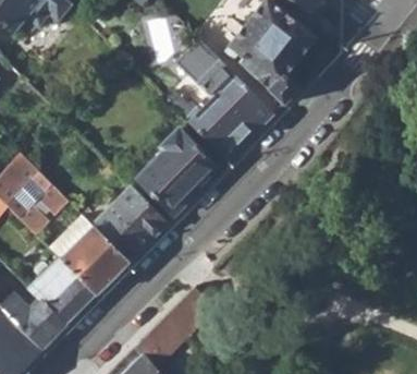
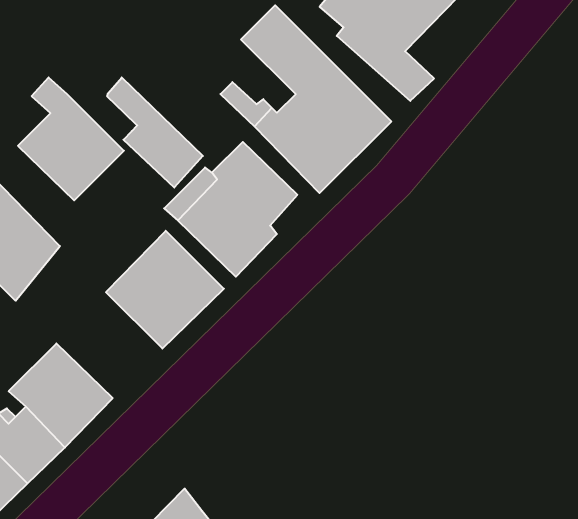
building: none -> [107,77,203,188]
building: [61,215,128,293] -> [18,77,124,200]
building: [139,288,212,365] -> none

